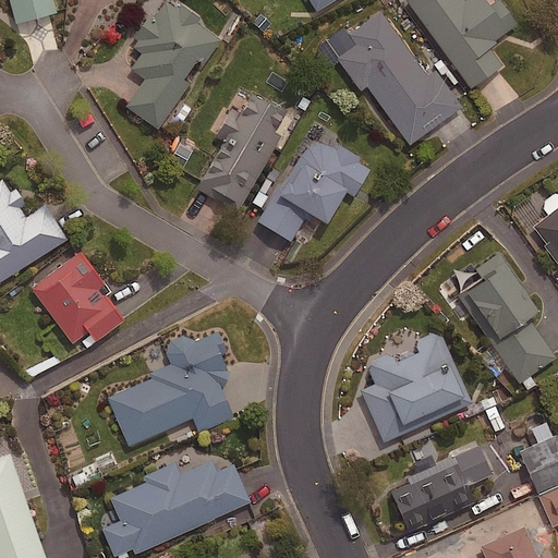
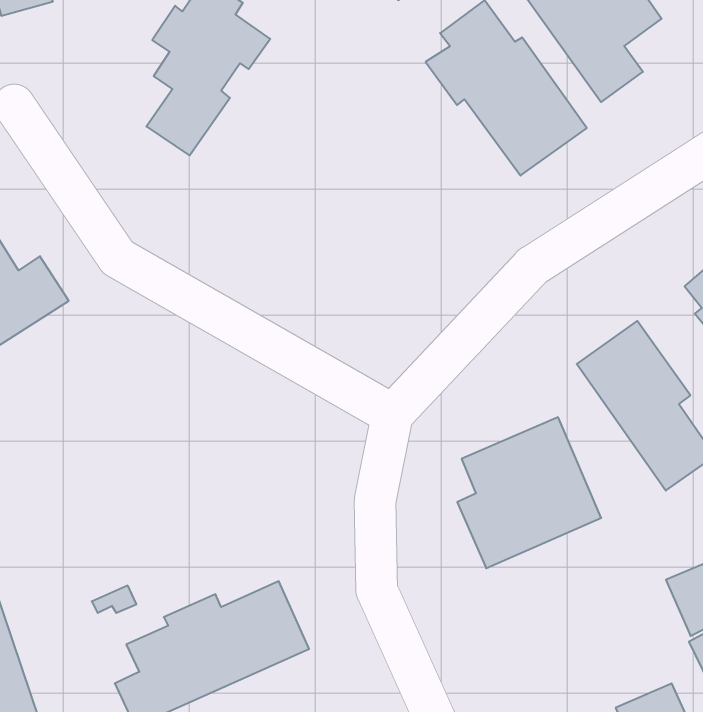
building: [198,97,281,211] -> none
building: [257,133,371,241] -> none
building: [29,251,122,343] -> none
building: [108,335,232,445] -> none
building: [390,434,520,530] -> none

